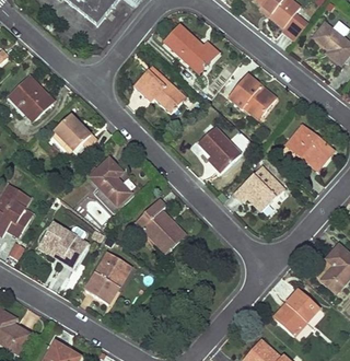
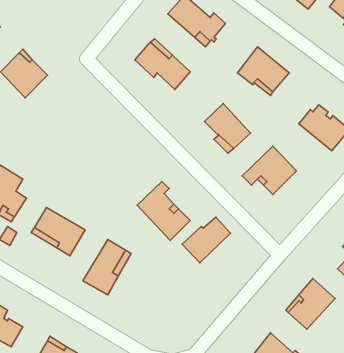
building: [47,114,95,155] -> none
building: [88,158,130,205] -> none
building: none -> [182,217,231,263]

